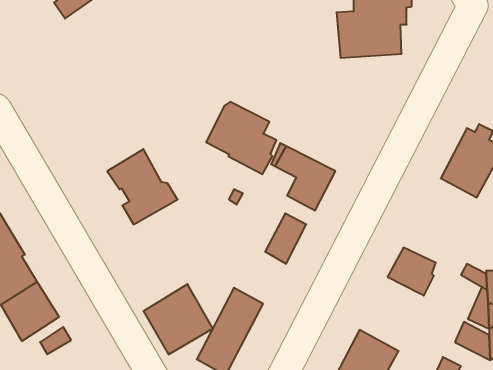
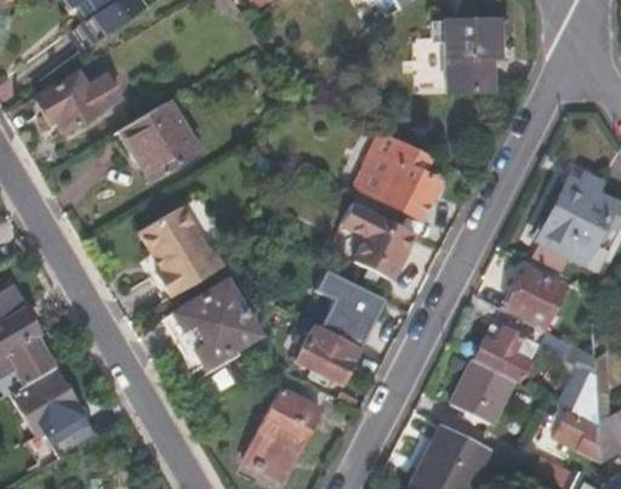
building: none -> [35,70,120,132]
building: none -> [121,102,200,182]
building: [206,102,276,174] -> [353,132,438,220]
building: none -> [507,267,564,328]
building: none -> [296,324,359,385]
building: none -> [452,358,517,423]
building: [143,284,213,354] -> [175,280,258,365]

